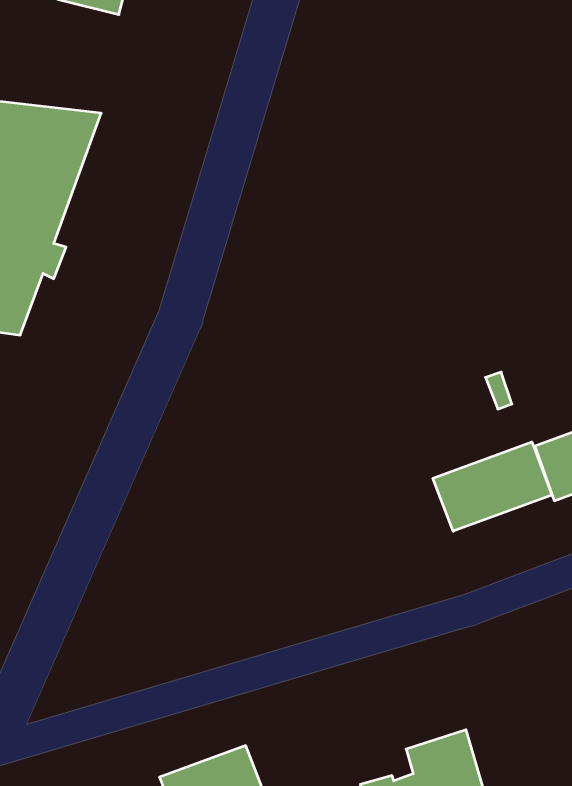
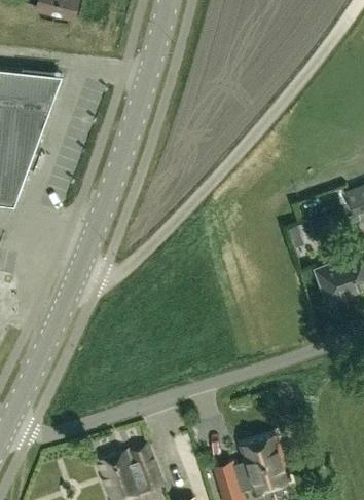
building: [433,442,552,531] -> none

